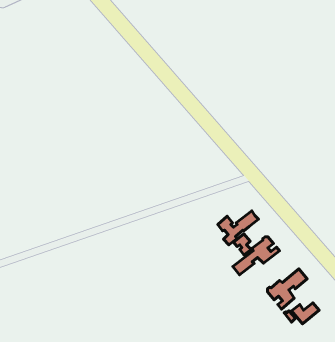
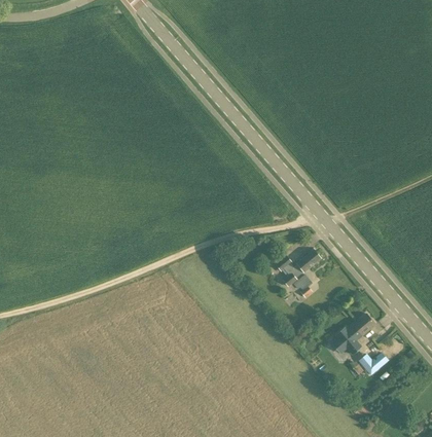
building: [233,237,279,275] -> none

